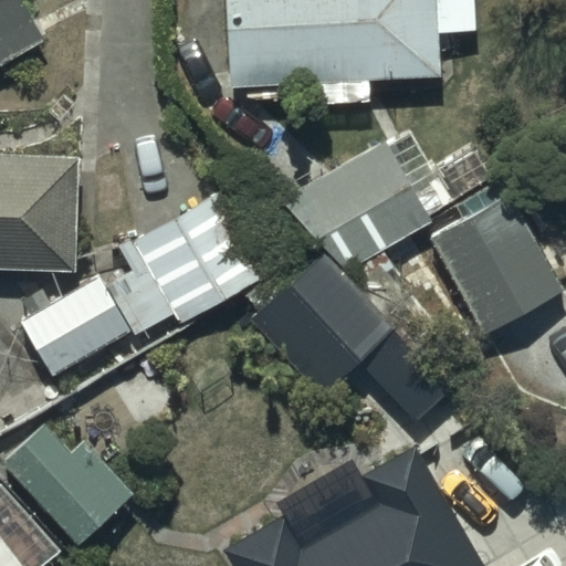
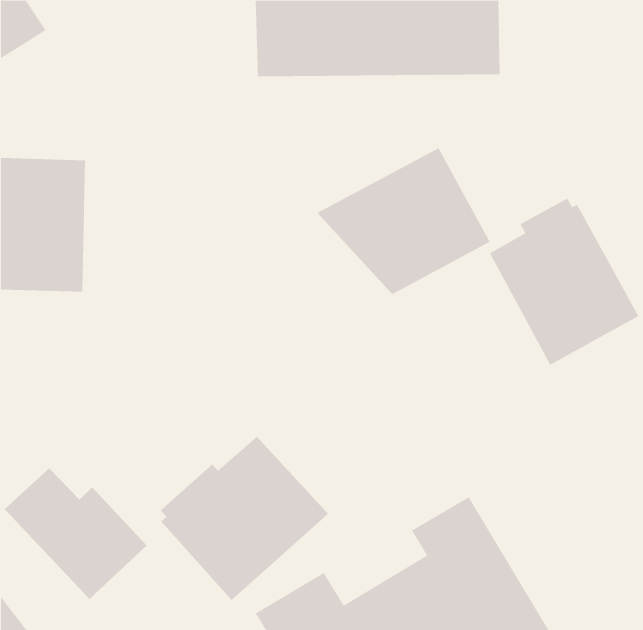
building: [23,191,266,375] -> none
building: [253,254,448,423] -> none
building: none -> [160,436,329,601]

